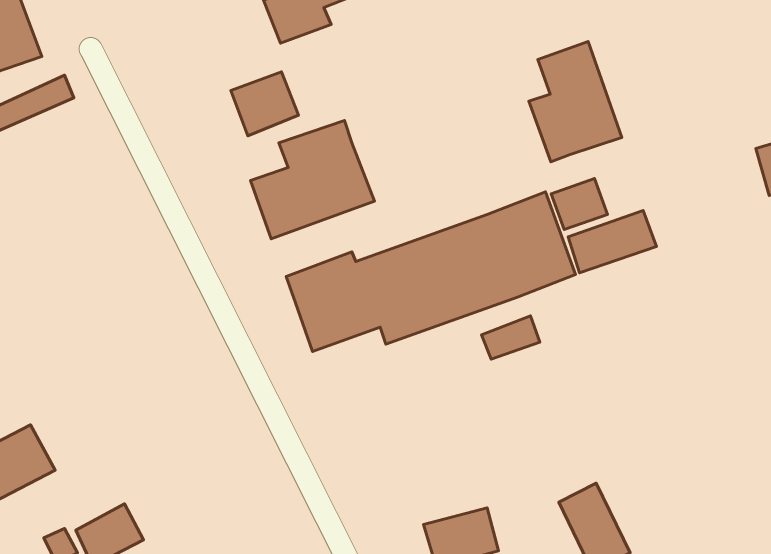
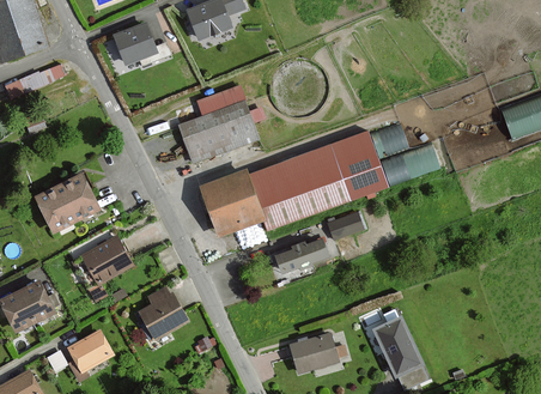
building: [529,42,622,162] -> none
building: [231,72,299,136] -> [113,24,156,65]
building: none -> [35,175,98,232]
building: none -> [81,237,134,285]
building: none -> [273,238,329,274]
building: none -> [139,286,189,340]

